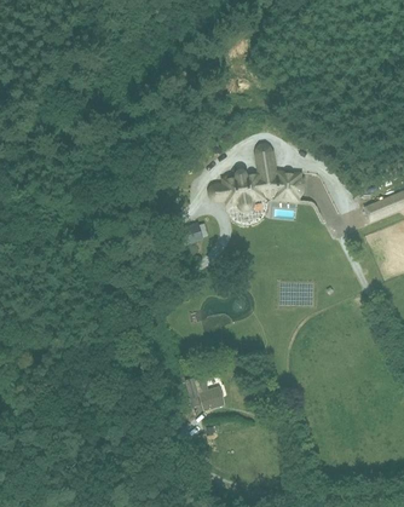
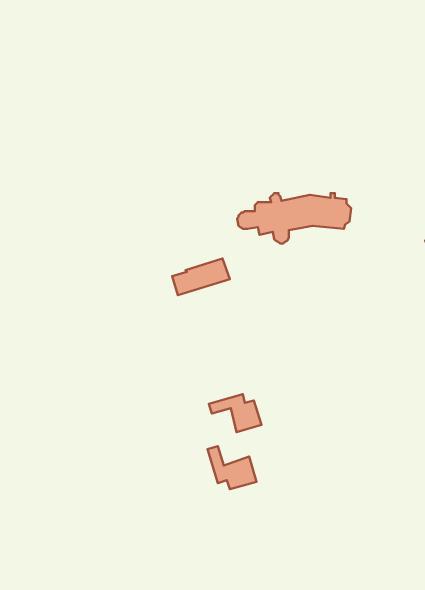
building: none -> [209,394,261,432]

